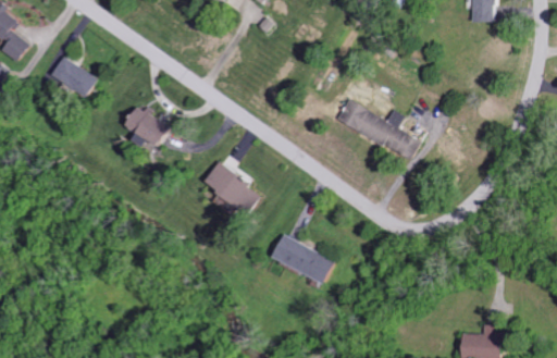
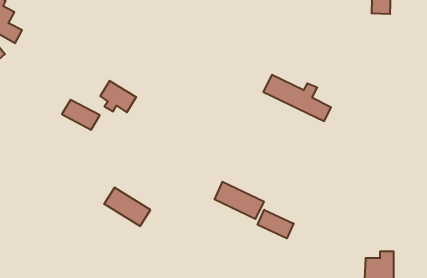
building: [51,58,99,96] -> [62,100,100,130]
building: [203,163,262,212] -> [104,188,150,226]
building: none -> [258,210,294,238]

